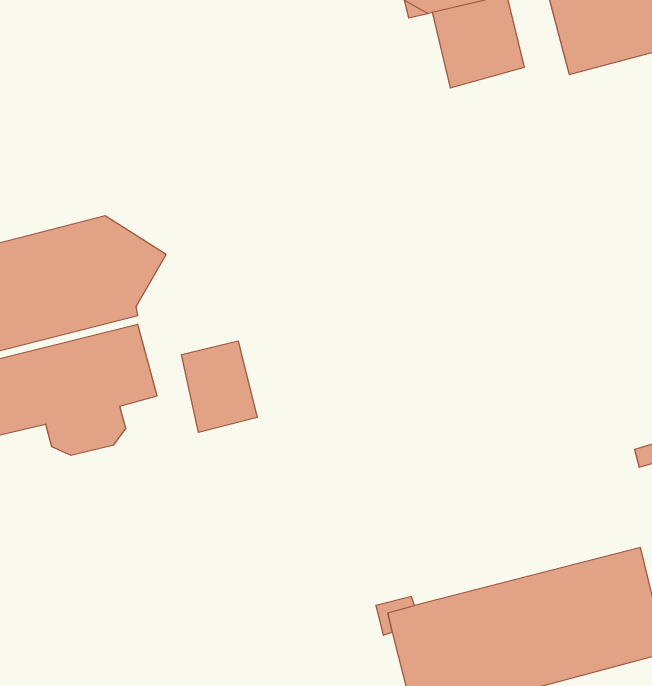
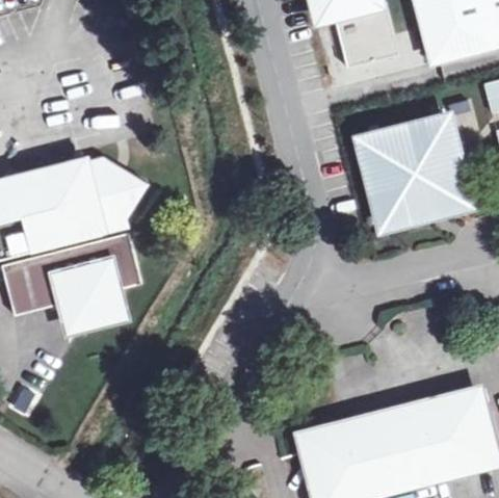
building: none -> [360,117,469,227]
building: [181,341,257,432] -> none

